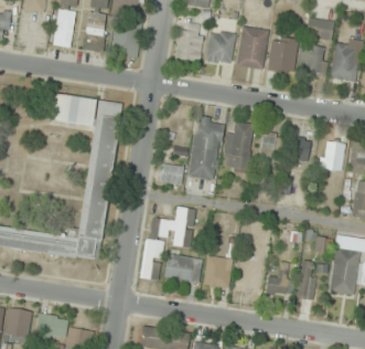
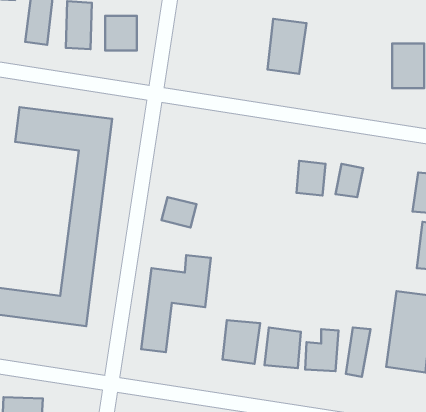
building: [307,20,333,38] -> none
building: [176,23,204,62] -> none
building: [206,30,235,64] -> none
building: [269,38,297,72] -> none
building: [299,43,324,75] -> none
building: [187,116,224,180] -> none
building: [223,121,253,170] -> none
building: [319,140,345,170] -> none
building: [164,255,202,285] -> none

